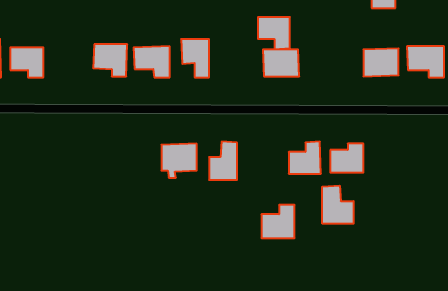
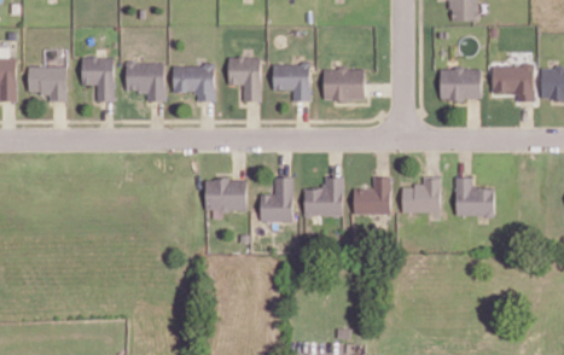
building: [258,17,290,49] -> [272,64,309,101]
building: none -> [81,57,114,101]
building: none -> [454,177,494,217]
building: [322,186,354,224] -> none
building: [261,205,295,238] -> [303,177,342,216]

